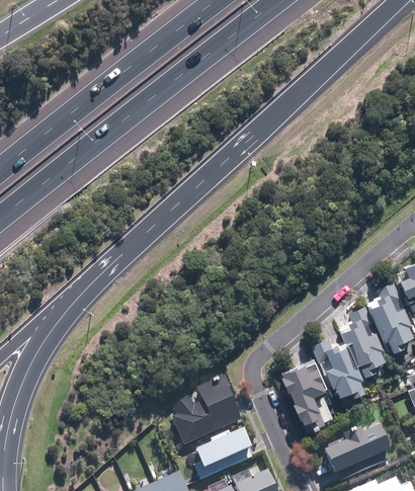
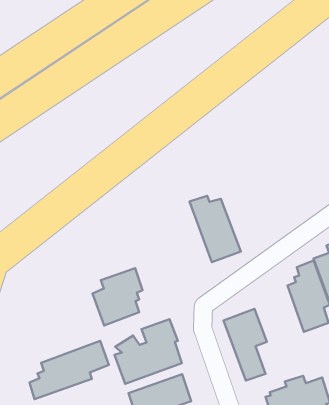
building: none -> [92,268,143,326]
building: [311,337,366,404] -> [190,196,241,262]
building: none -> [29,341,109,399]

